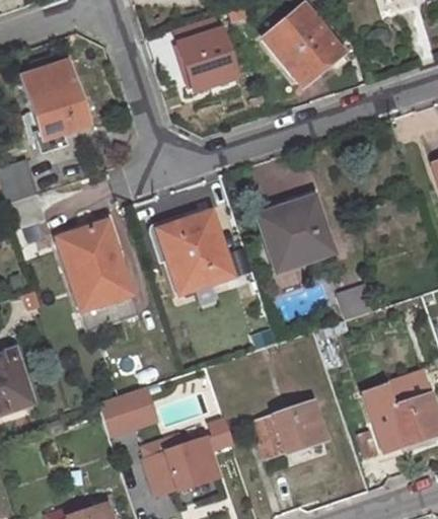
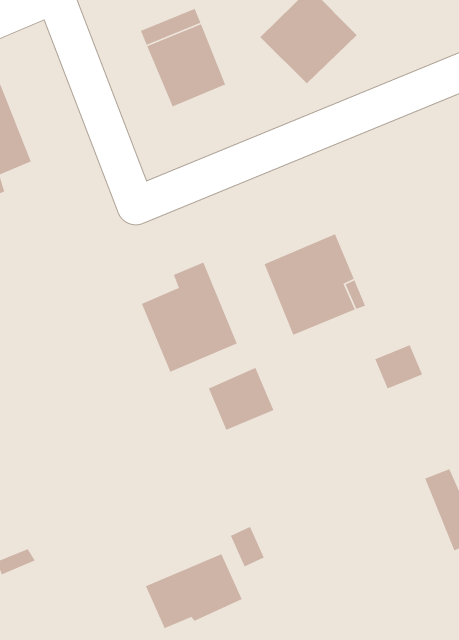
building: [56,223,129,313] -> none
building: none -> [208,367,274,431]
building: [106,385,164,435] -> none
building: [255,399,328,454] -> none

